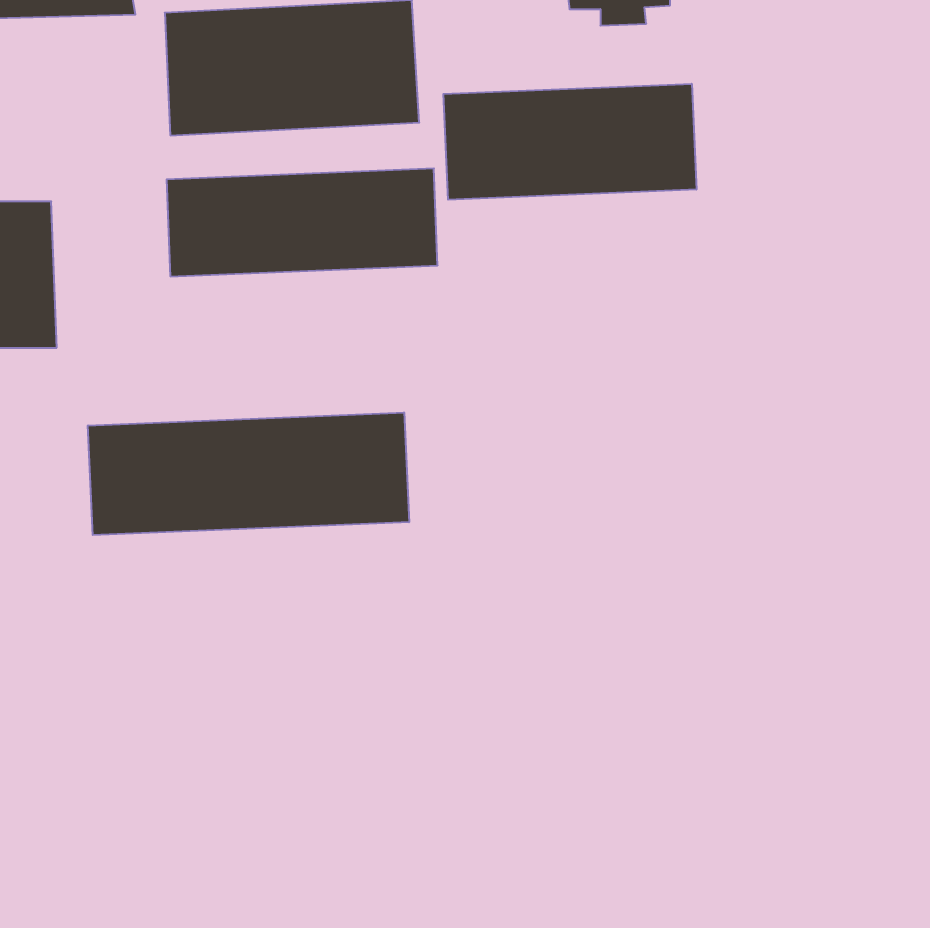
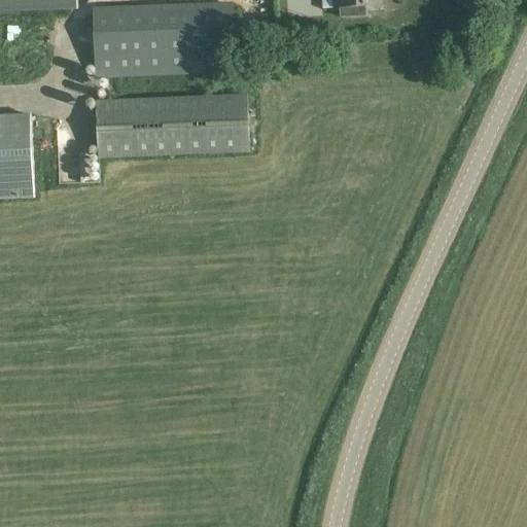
building: [443,84,696,200] -> none
building: [88,412,409,535] -> none

